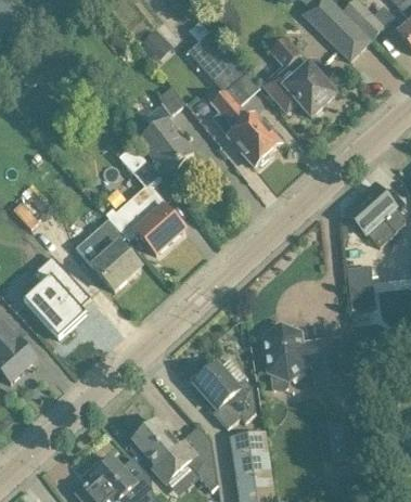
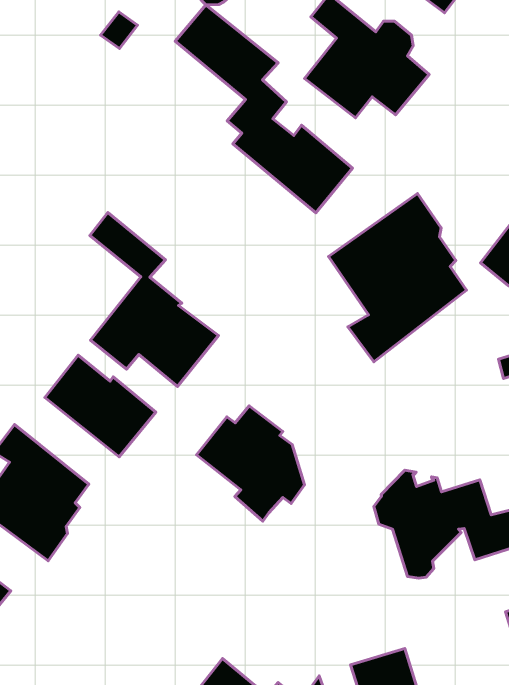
building: [138,102,192,173] -> none
building: none -> [328,193,467,362]
building: [193,359,254,428] -> [197,406,305,521]

